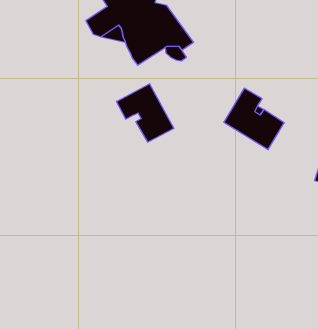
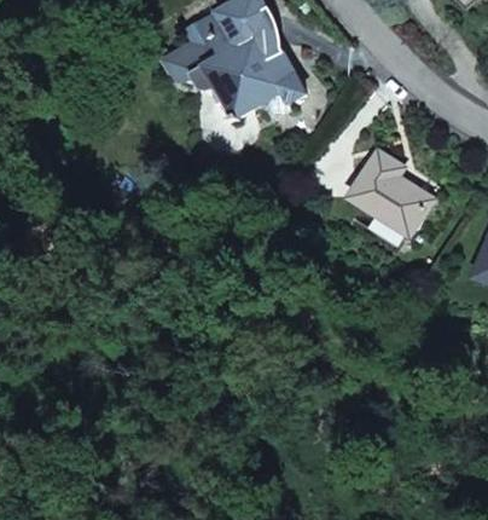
building: [116,84,174,142] -> none

